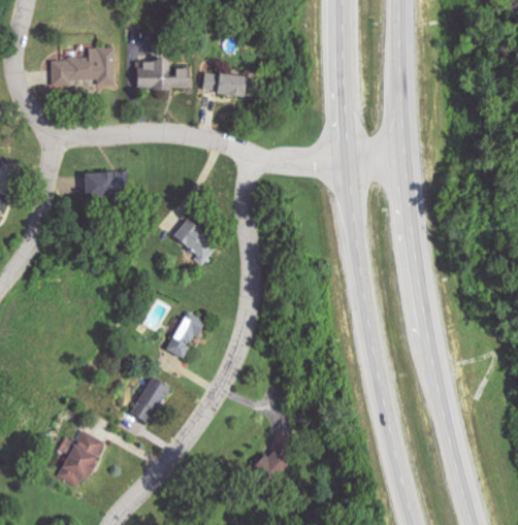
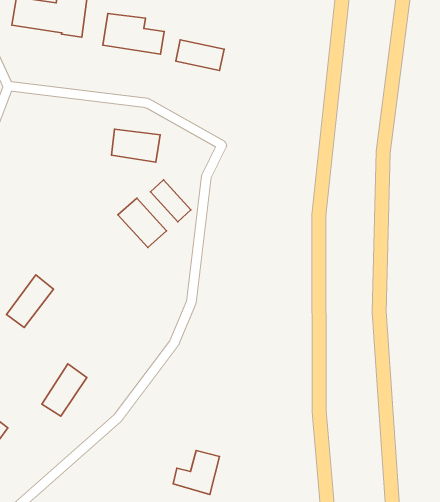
building: [86,172,127,197] -> [112,129,160,162]
building: none -> [150,180,191,222]
building: [165,310,203,359] -> [6,275,53,328]

